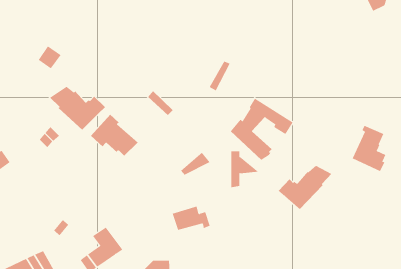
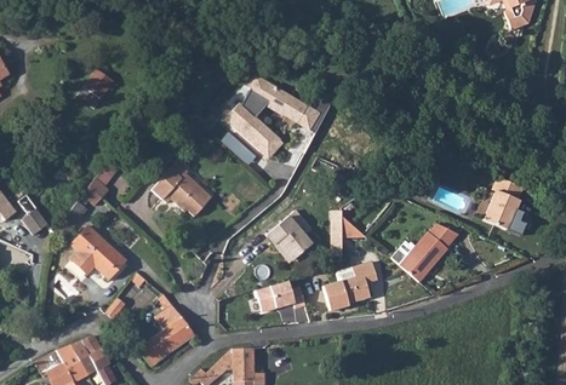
building: [49,86,106,131] -> none
building: [230,98,293,160] -> [223,74,304,154]
building: none -> [271,223,311,258]
building: none -> [70,224,125,277]
building: none -> [324,262,377,311]

